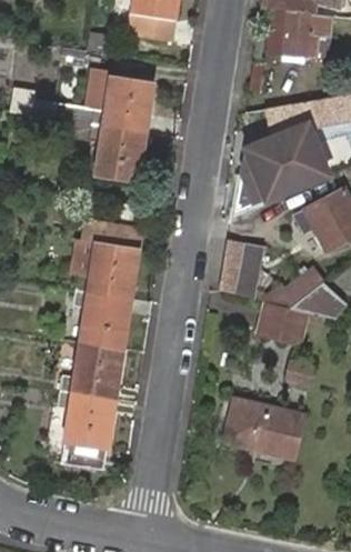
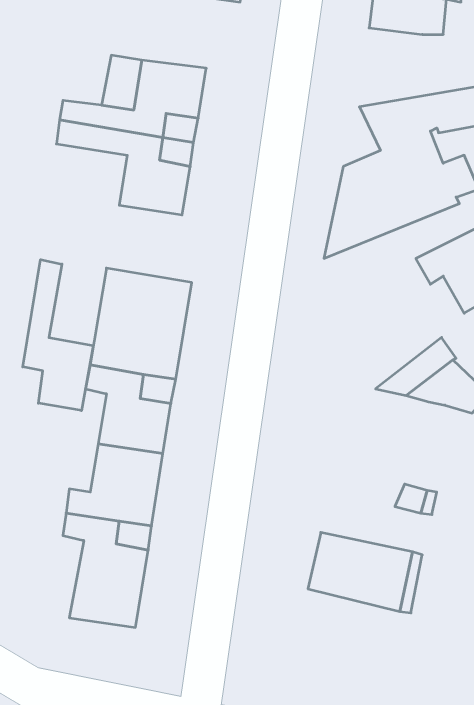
building: none -> [23,260,93,411]
building: [219,241,262,298] -> none
building: [255,300,307,342] -> none

